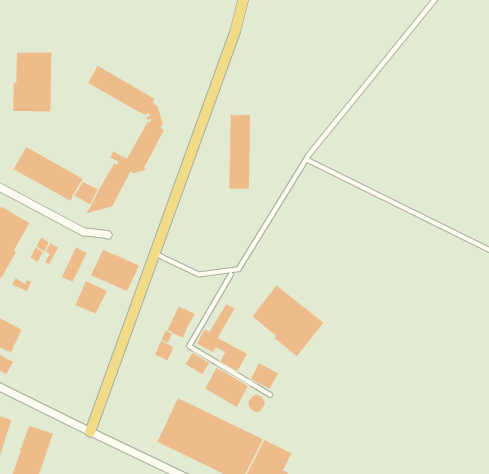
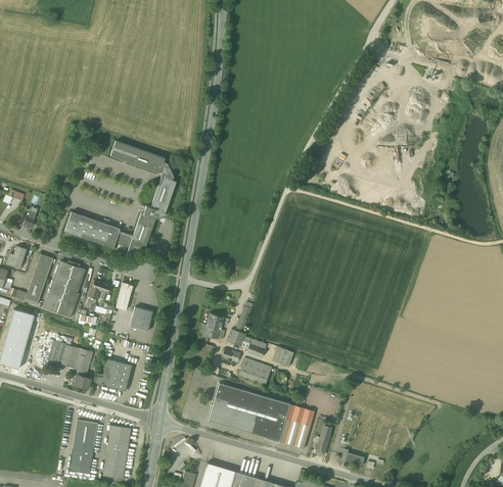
building: [13,52,52,112] -> none
building: [229,114,251,190] -> none
building: [90,249,140,292] -> none
building: [251,284,324,357] -> none
building: none -> [95,358,131,390]

